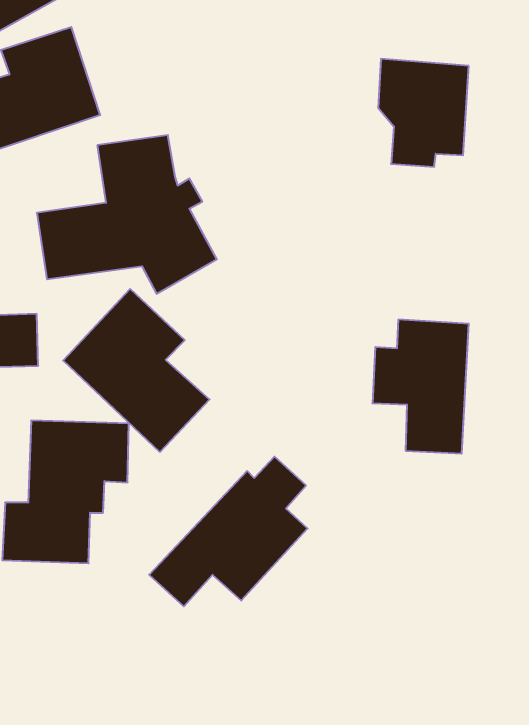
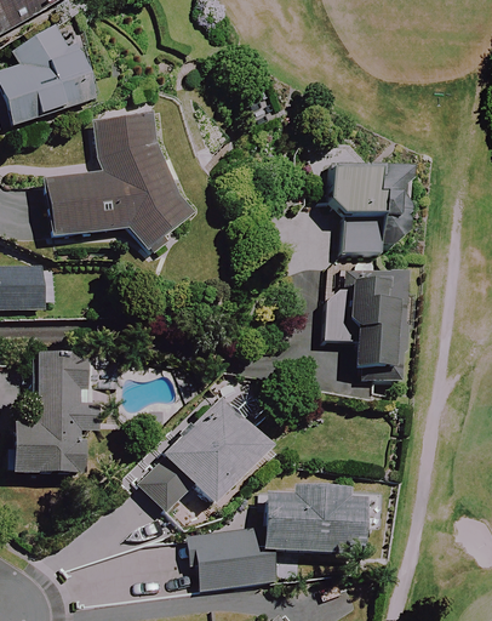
building: [378,59,469,167] -> [330,163,406,253]
building: [63,289,210,452] -> none
building: none -> [187,489,382,587]

